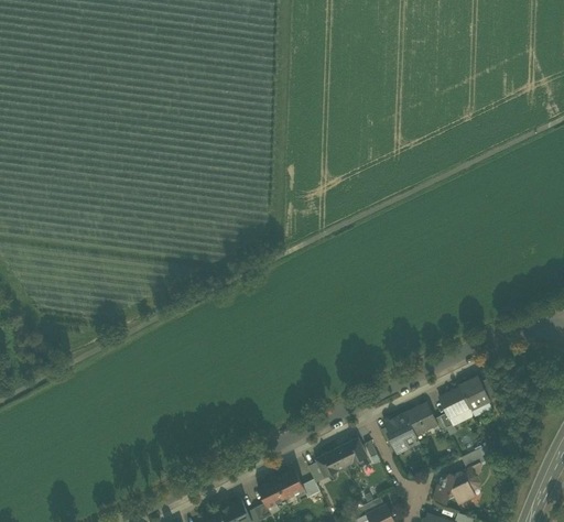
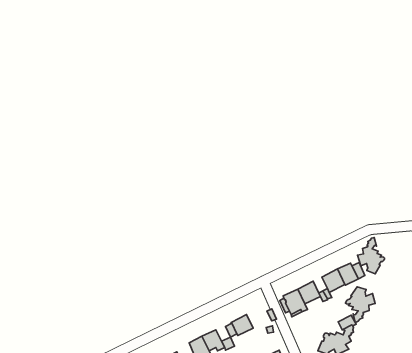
building: none -> [358,238,385,274]
building: none -> [345,287,375,322]
building: [336,439,367,468] -> none

